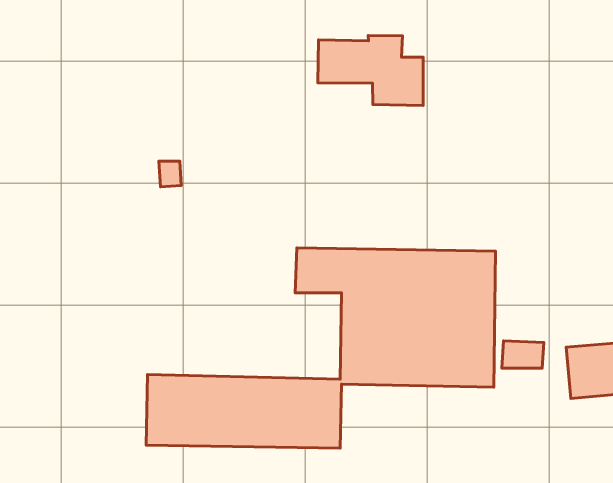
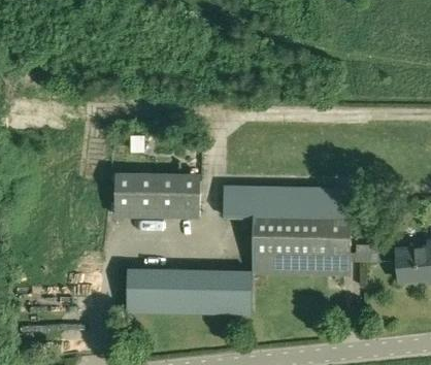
building: [318,35,423,105] -> none
building: none -> [113,180,201,219]

